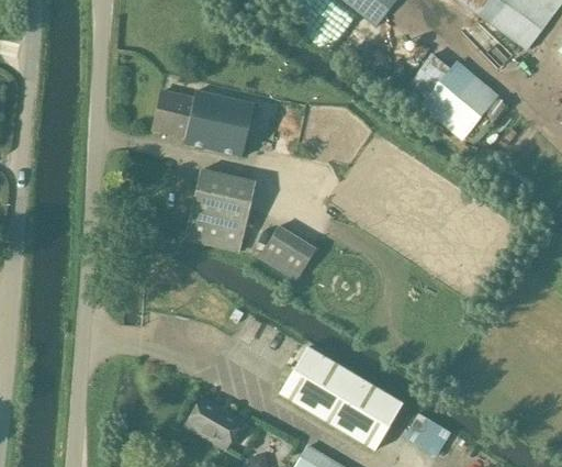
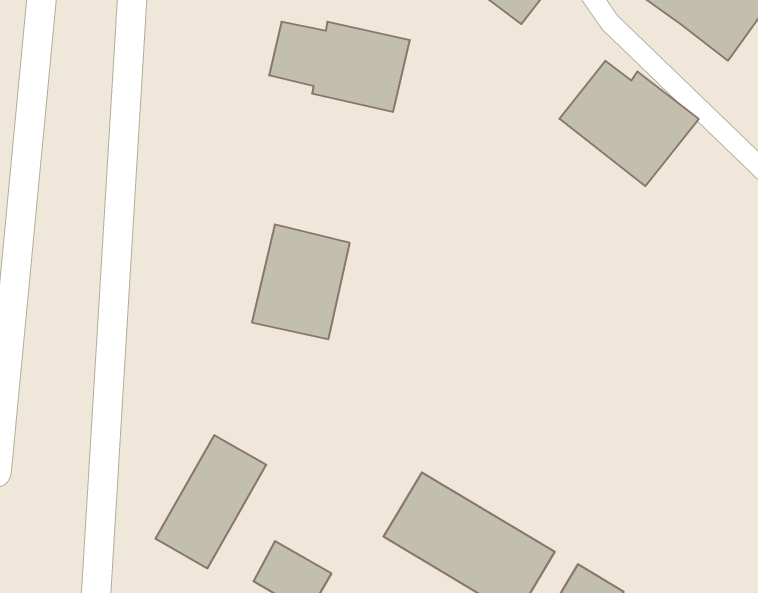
building: [153,90,254,155] -> [269,22,410,112]
building: [259,224,317,280] -> none
building: none -> [156,435,266,568]

